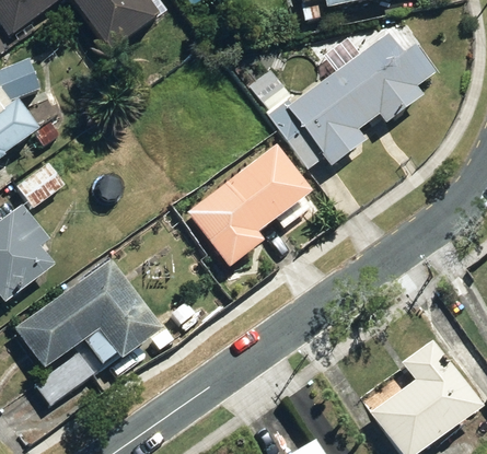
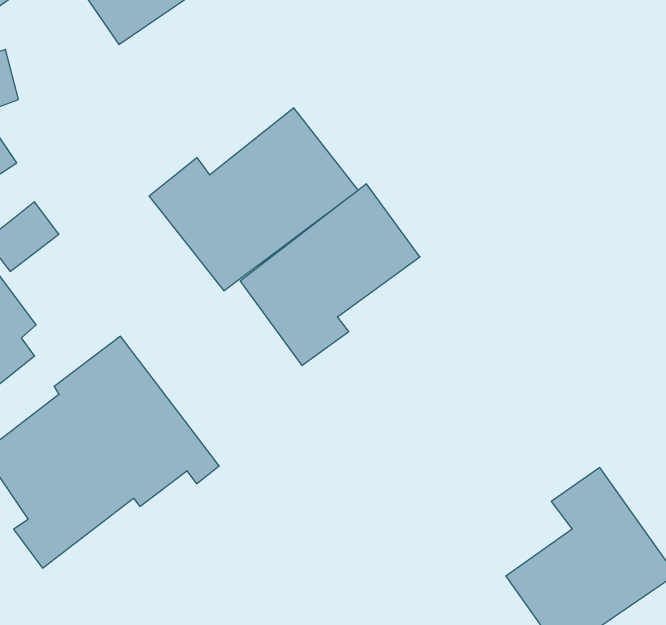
building: [248,30,437,176] -> none
building: none -> [149,108,358,291]

